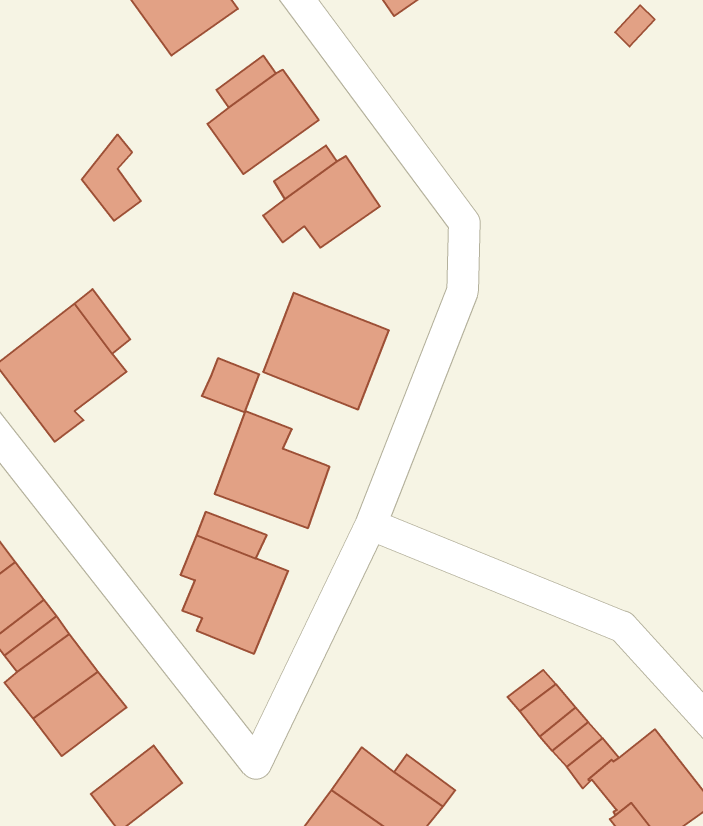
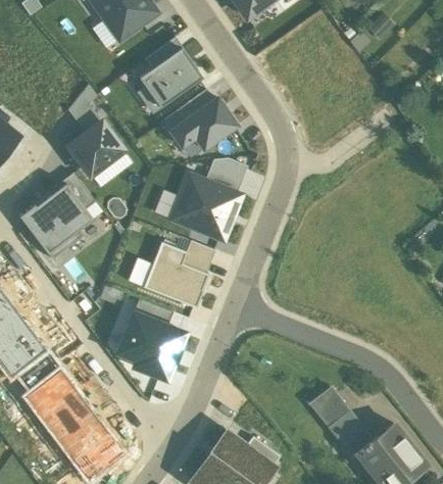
building: none -> [69,123,122,175]
building: none -> [205,159,247,194]
building: [202,358,259,412] -> [182,242,214,273]
building: none -> [56,410,108,459]

